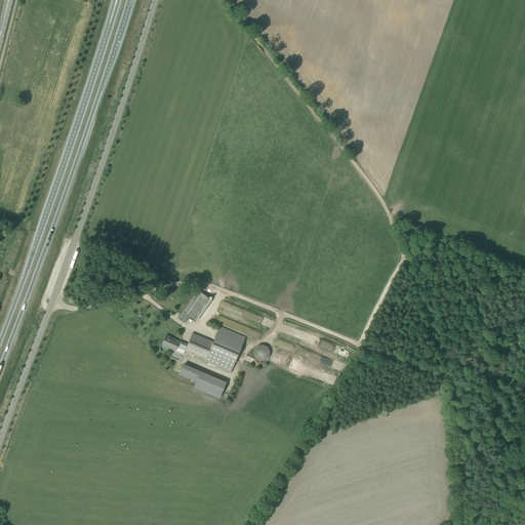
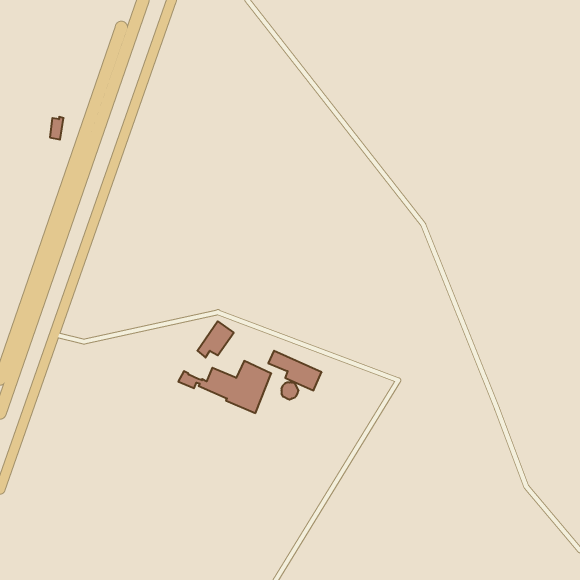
building: [178,363,227,399] -> [268,351,322,390]

